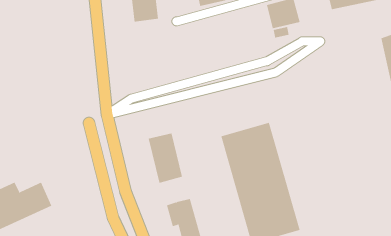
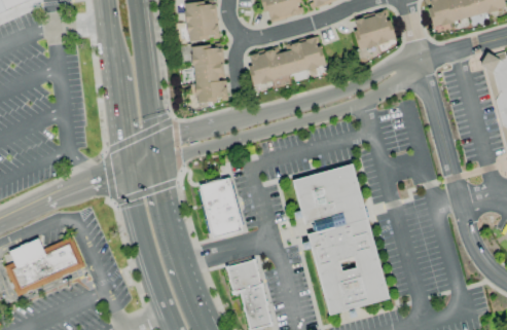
building: none -> [247,38,324,86]
building: none -> [189,46,225,104]

